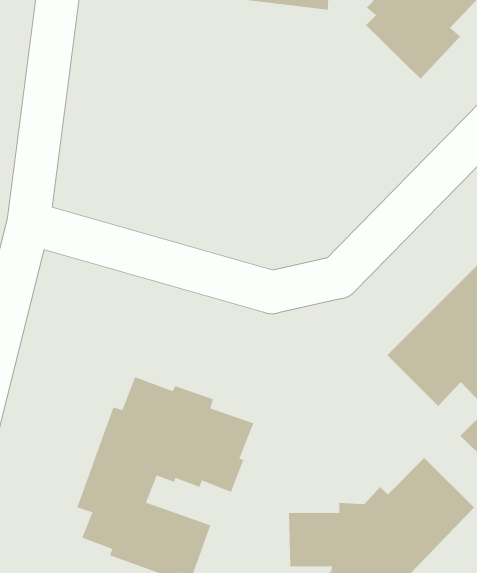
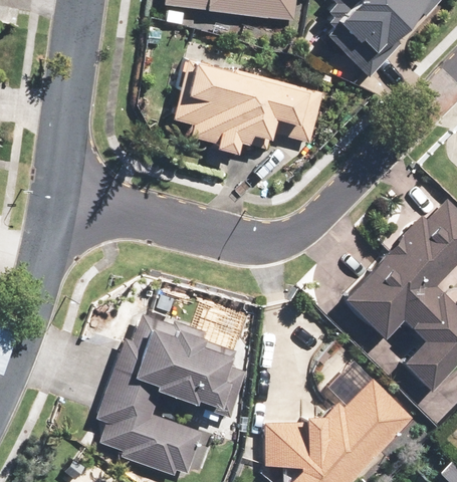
building: none -> [173,58,324,154]

